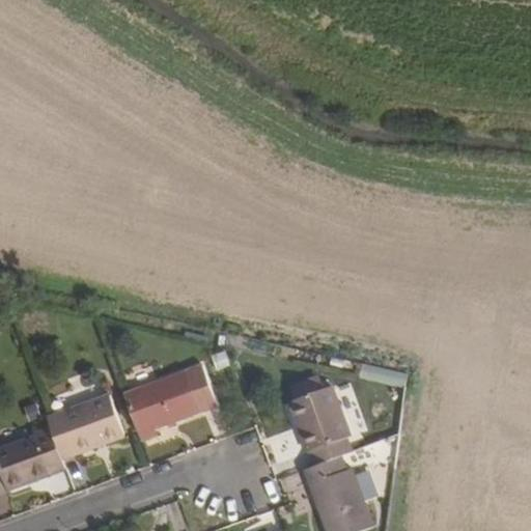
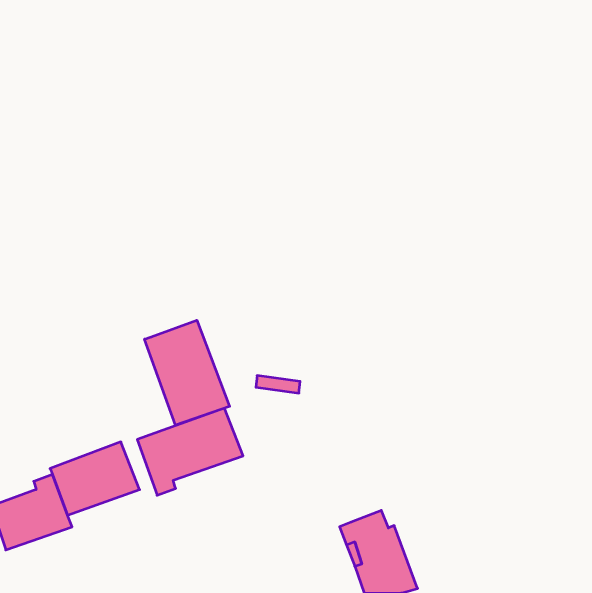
building: none -> [145,320,230,425]
building: [288,386,352,466] -> none

